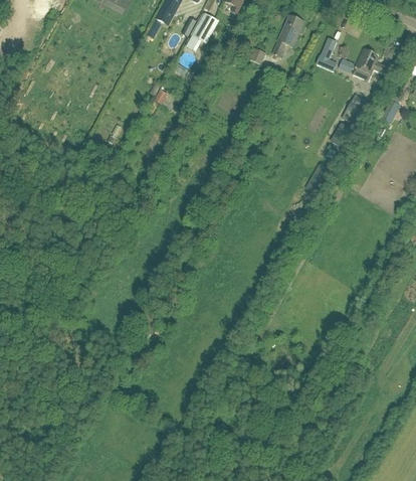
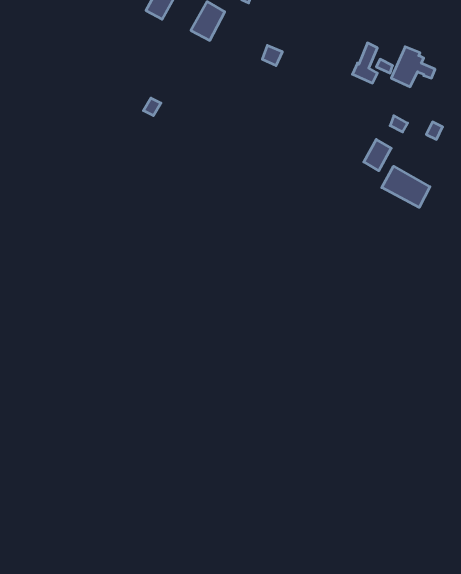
building: [271,14,303,55] -> none
building: none -> [382,166,430,207]

